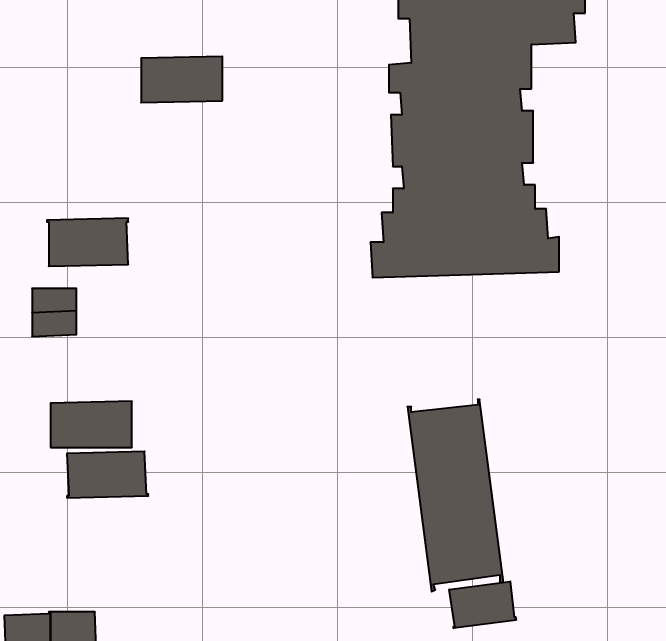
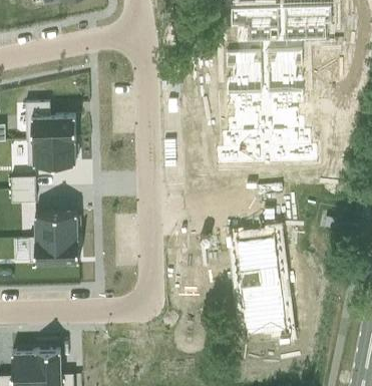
building: [141,56,222,103] -> [31,113,75,138]
building: [67,451,148,498] -> [33,213,77,238]
building: [449,581,516,628] -> none

